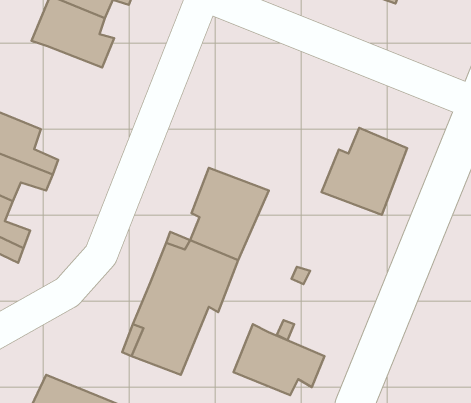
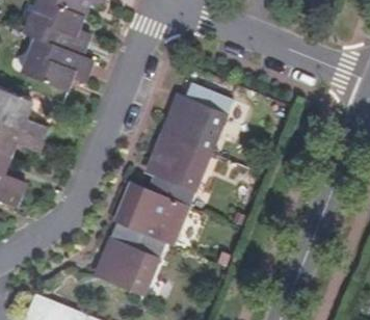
building: none -> [23,38,91,91]
building: [322,128,407,215] -> [163,83,230,151]
building: [233,324,325,395] -> none

